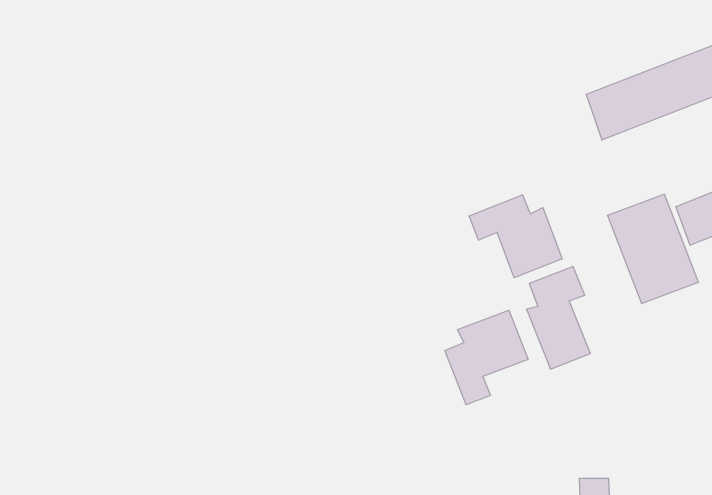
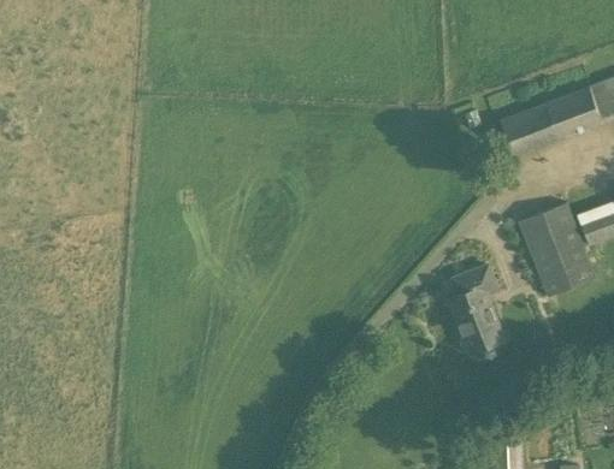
building: [469,195,562,278] -> none
building: [445,310,528,405] -> none

